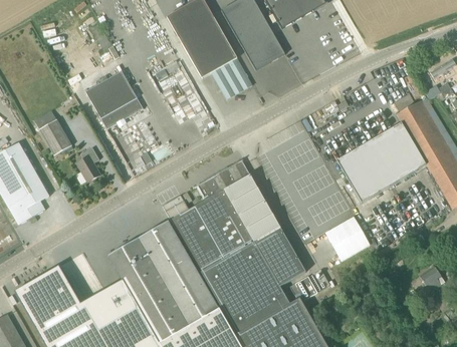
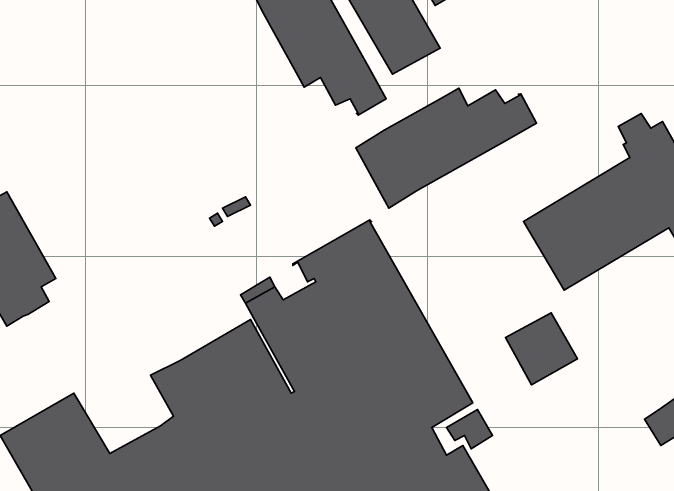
building: [84,69,143,129] -> none
building: none -> [356,88,537,208]
building: [38,119,71,154] -> none
building: [76,146,101,183] -> none

